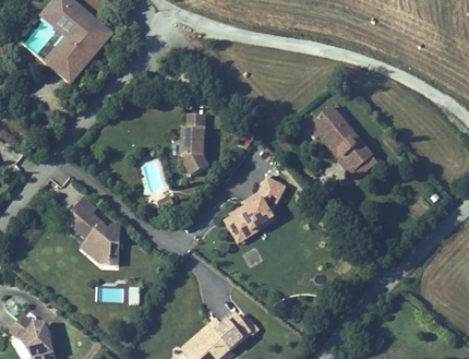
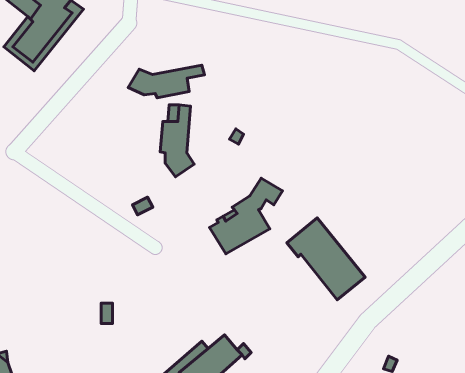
building: none -> [128,65,205,98]
building: [305,103,373,173] -> [287,218,365,300]
building: [68,198,121,263] -> none

